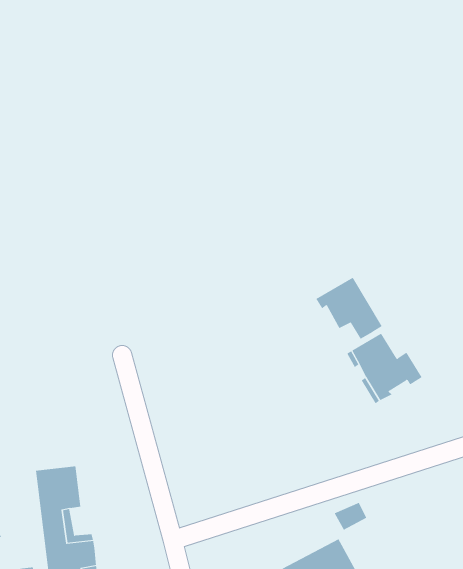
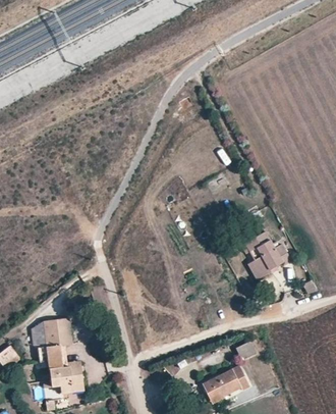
building: [315,277,383,339] -> none

